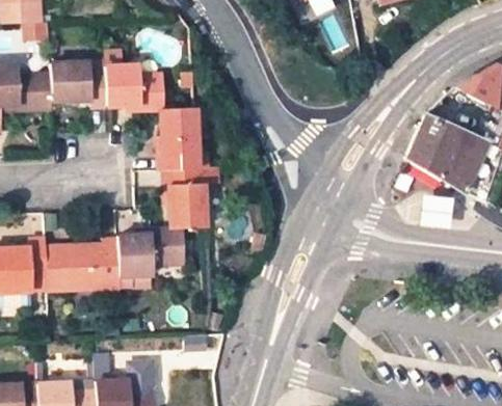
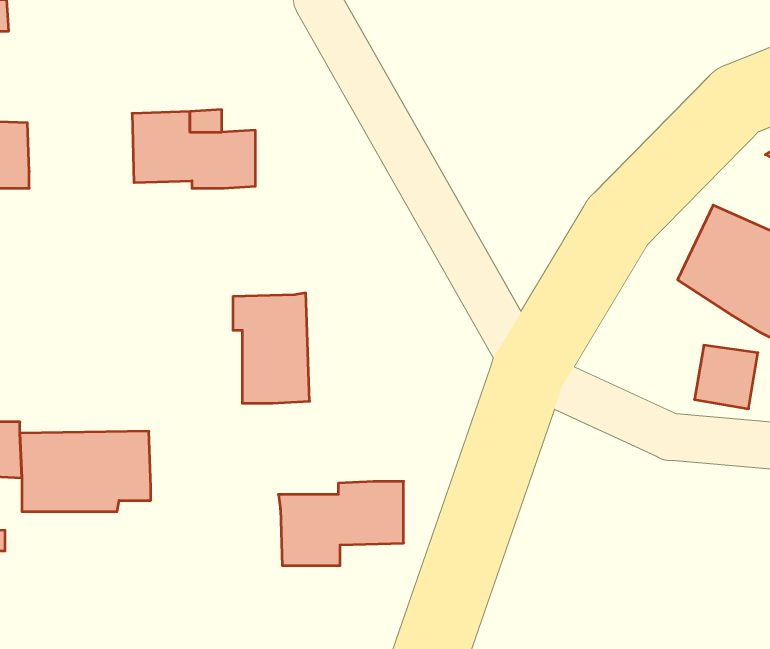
building: [47,61,106,106] -> none
building: [154,107,195,169] -> none
building: [113,228,183,275] -> [278,481,404,566]

